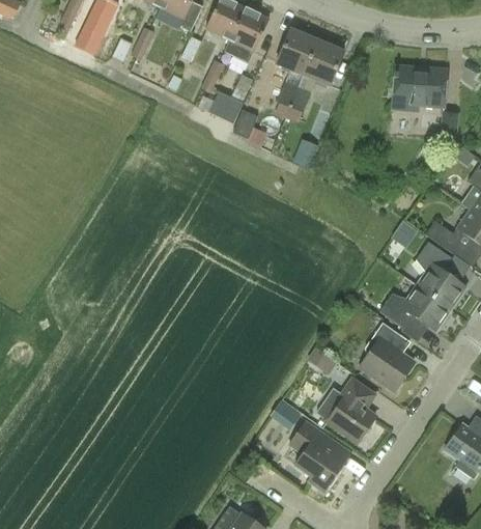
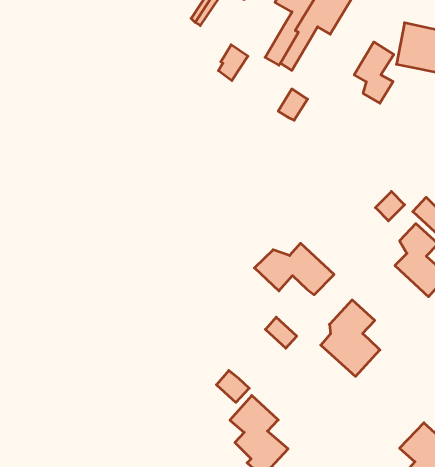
building: none -> [354,42,394,103]
building: [210,92,244,123] -> none
building: [378,285,451,331] -> [254,243,334,295]
building: [316,378,375,442] -> none

